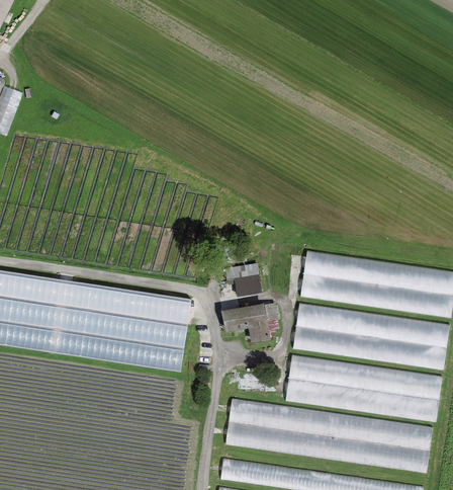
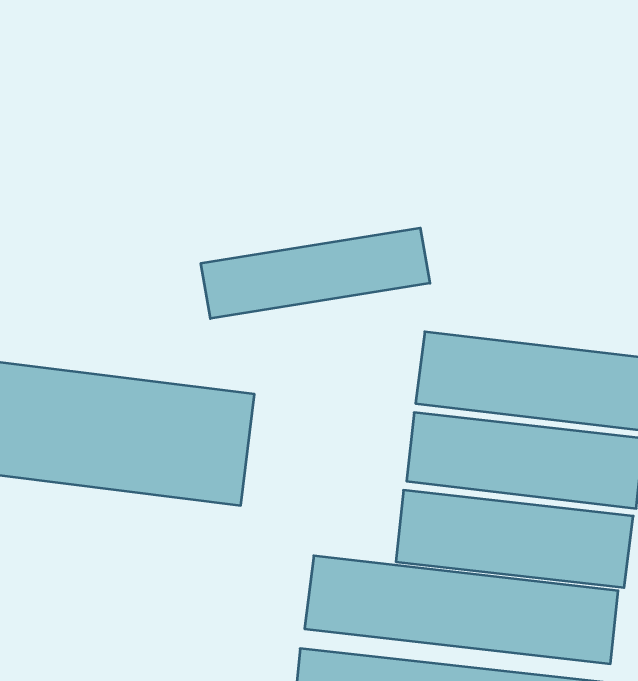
building: none -> [201,228,430,319]
building: [224,263,261,297] -> none
building: [219,304,270,344] -> none

